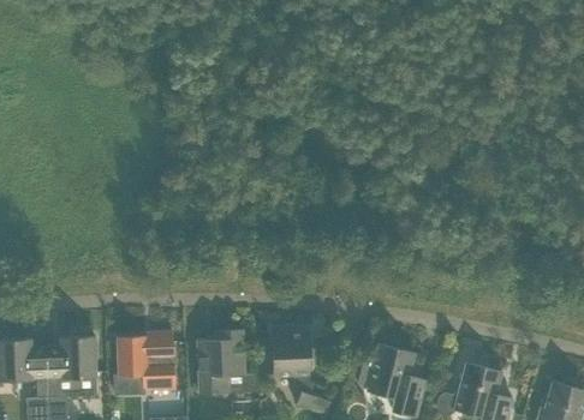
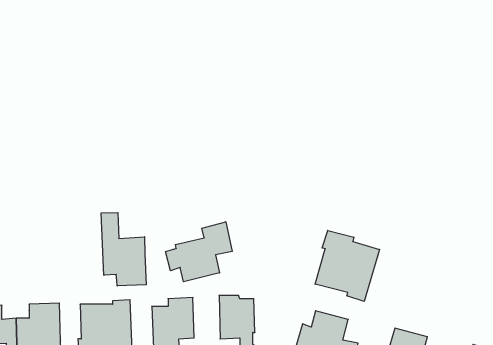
building: none -> [101,213,146,286]
building: none -> [165,222,232,282]
building: none -> [315,230,380,301]

